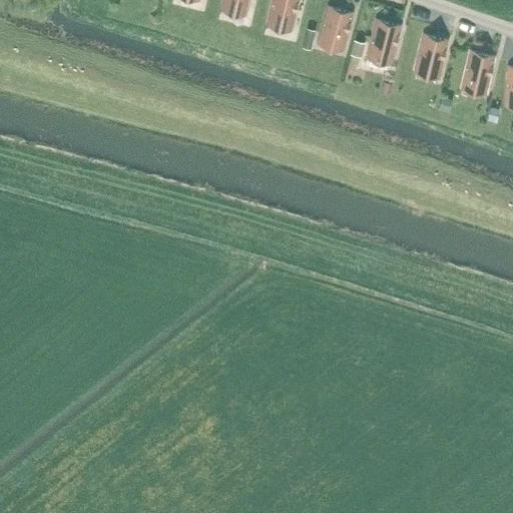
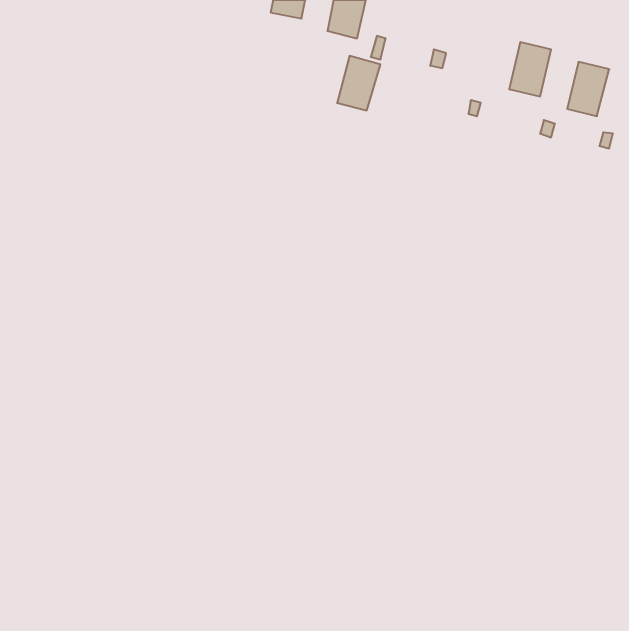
building: [317,7,352,51] -> [337,56,380,110]
building: [366,20,400,64] -> none

